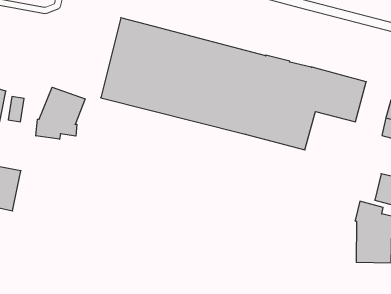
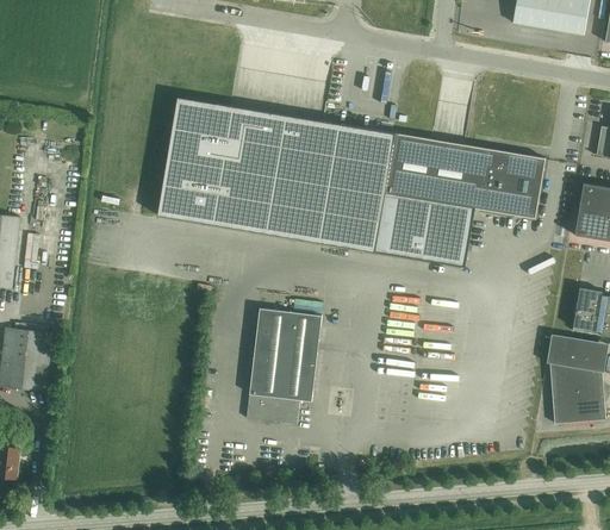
building: [36,87,85,139] -> none
building: none -> [247,308,322,424]

